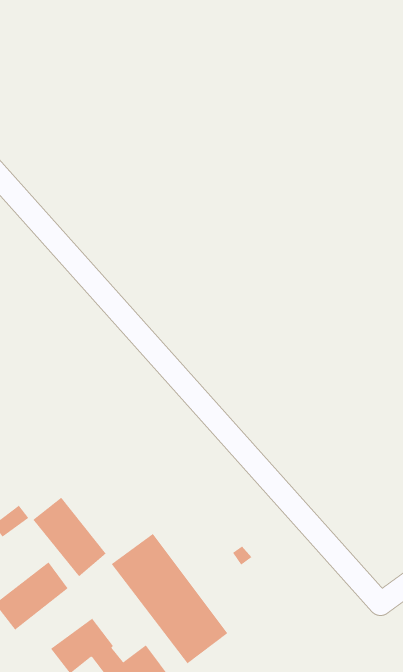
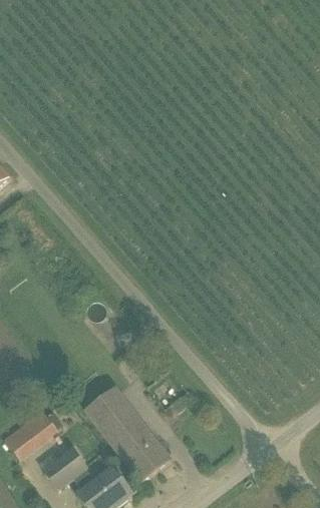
building: [32,497,106,577] -> none

